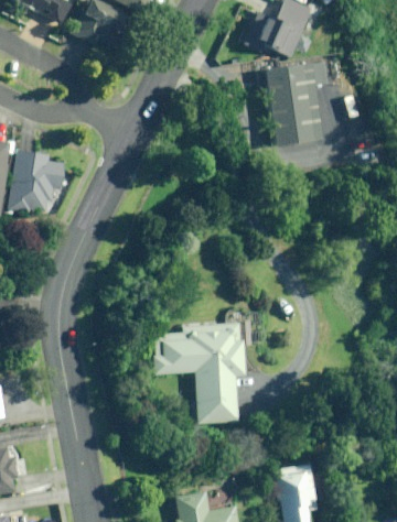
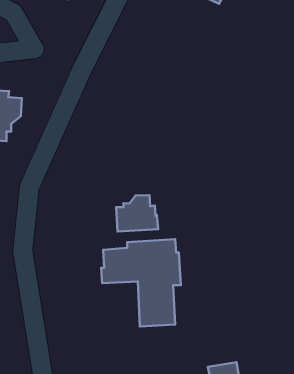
building: [266,61,328,144] -> none
building: none -> [116,195,158,232]

